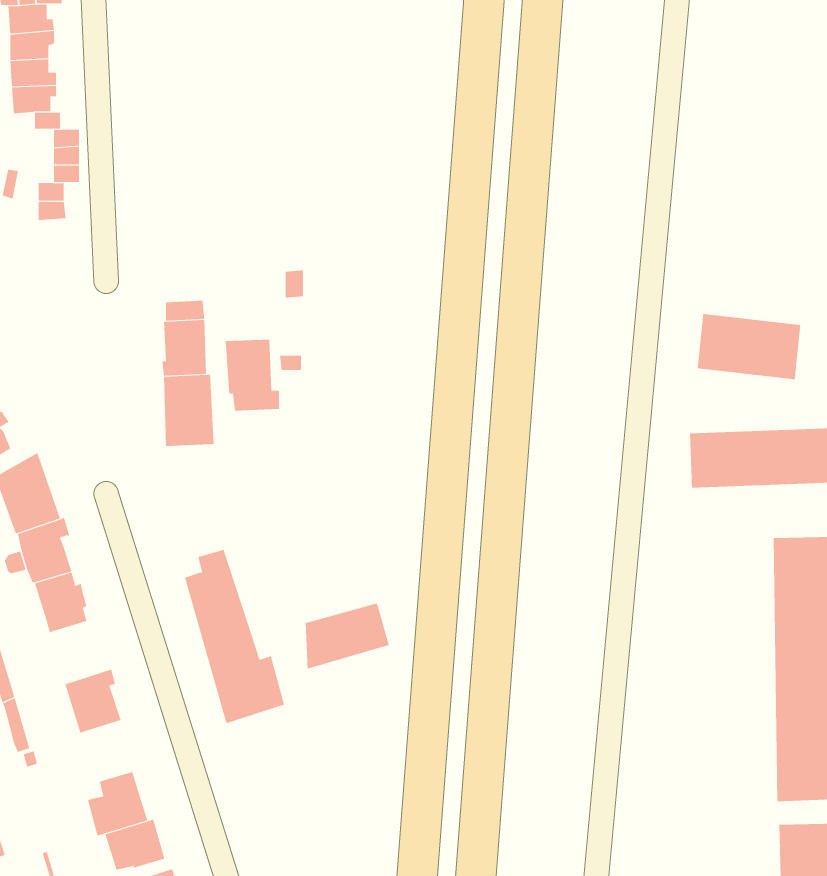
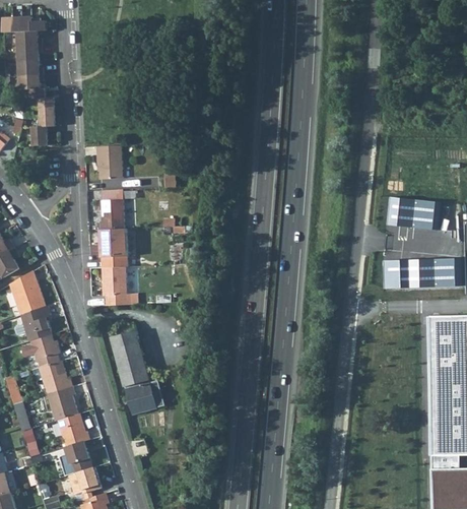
building: none -> [96,145,123,179]
building: [225,339,280,411] -> [101,266,130,305]
building: [305,603,390,669] -> none
building: none -> [39,361,72,394]
building: none -> [58,413,88,446]

